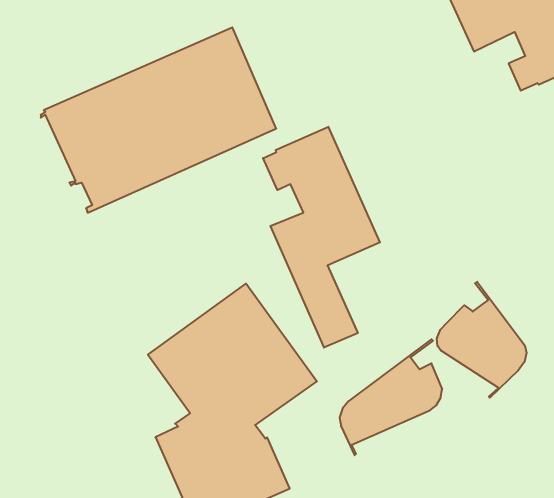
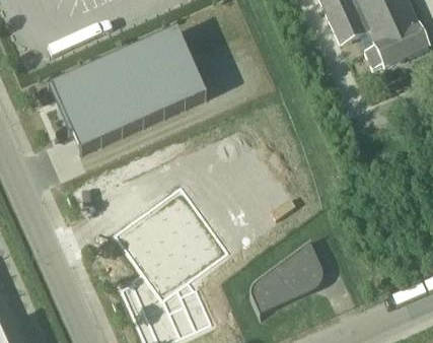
building: [263,127,380,348] -> none
building: [437,282,527,398] -> none

